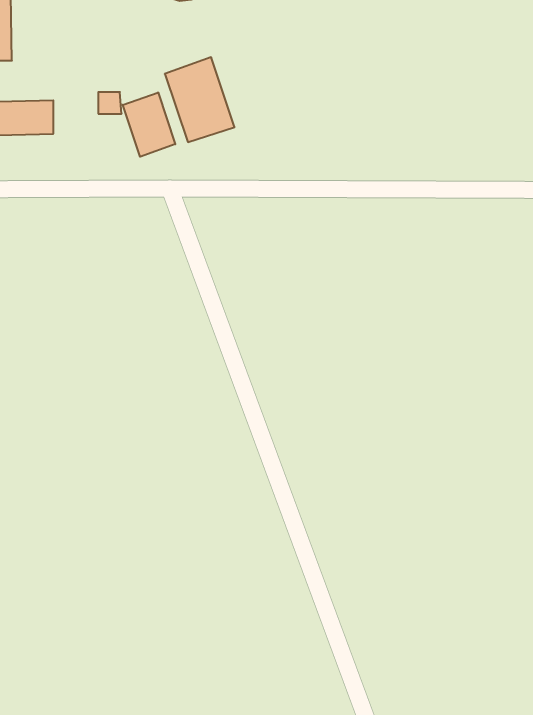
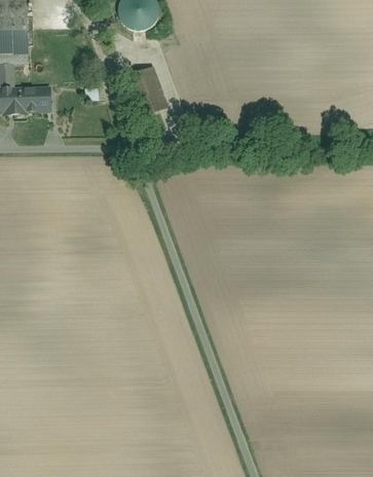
building: [123,92,175,157] -> none

